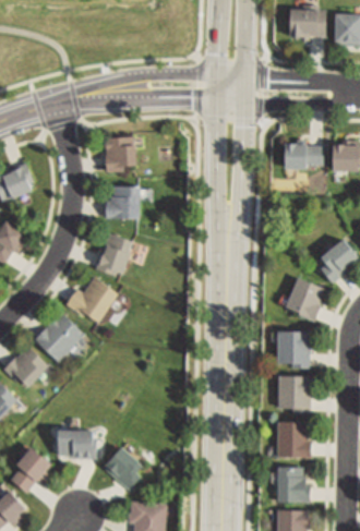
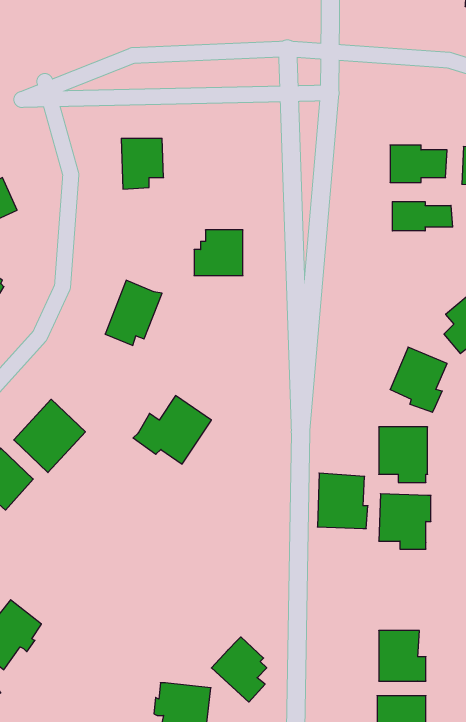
building: none -> [392,202,453,231]
building: [105,188,137,218] -> [194,230,243,276]
building: [64,277,117,323] -> [133,396,211,464]
building: [276,422,310,459] -> [317,473,368,529]
building: [58,430,100,459] -> none
building: [104,447,141,491] -> [211,637,267,702]

